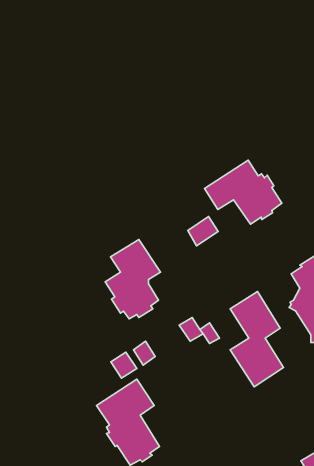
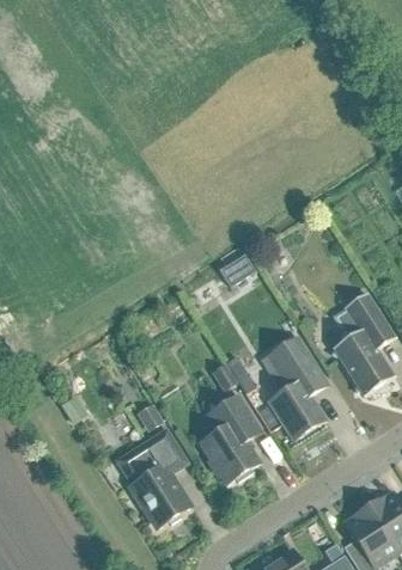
building: [205,160,282,224] -> none
building: [105,239,161,319] -> [201,394,262,482]

